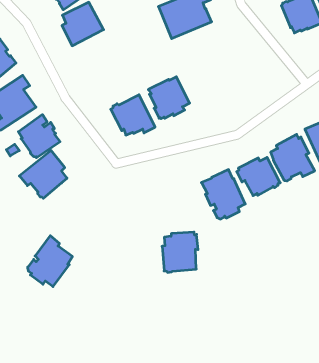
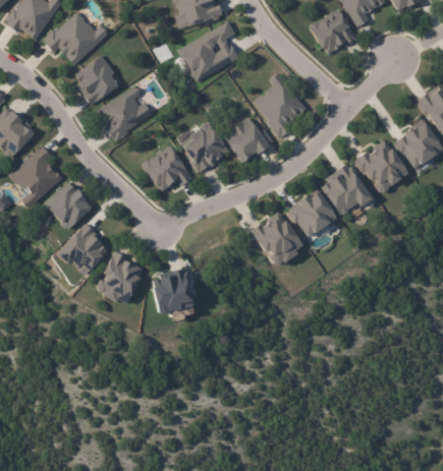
building: none -> [98,83,153,139]
building: none -> [255,74,308,139]
building: none -> [224,119,274,165]
building: [162,232,198,272] -> [153,271,193,318]
building: [28,236,72,287] -> [98,252,145,307]

